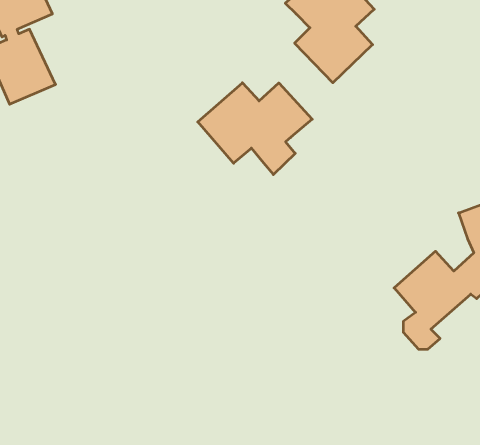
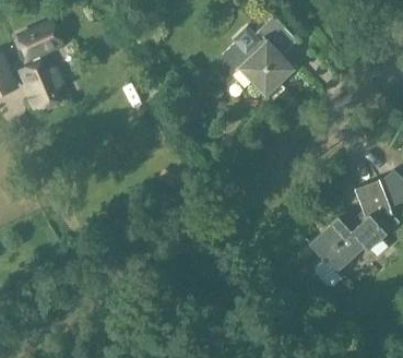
building: [198,83,312,175] -> none

